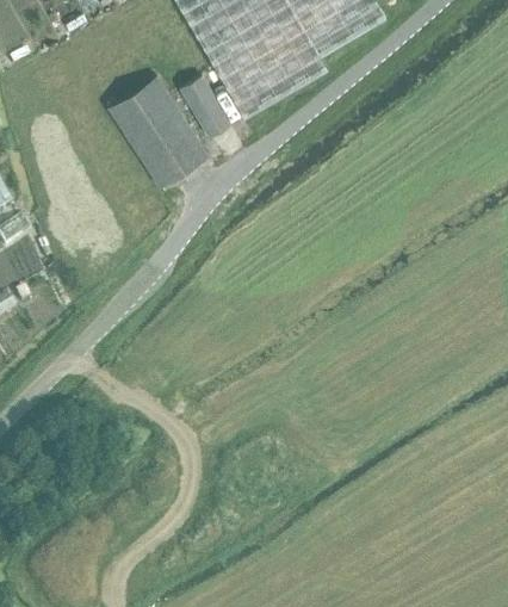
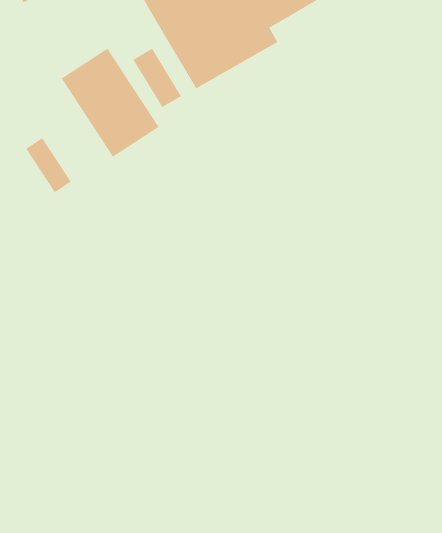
building: none -> [25,137,72,193]

